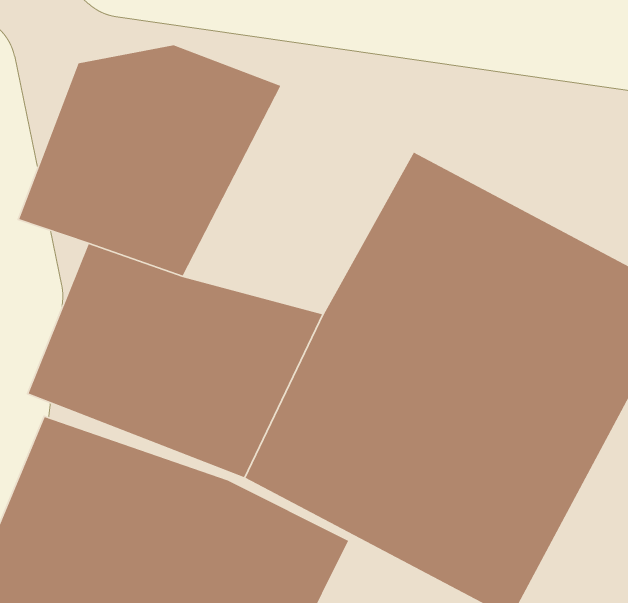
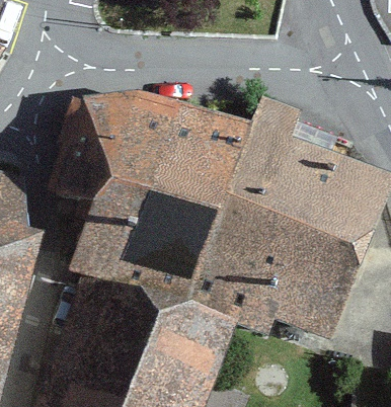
building: none -> [140,99,248,213]

